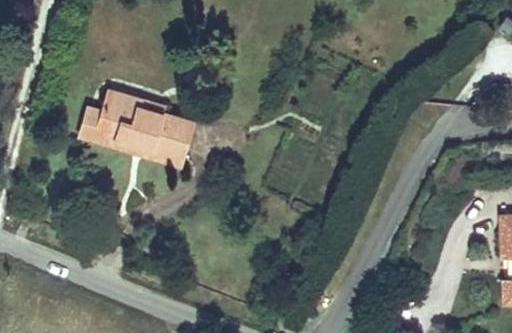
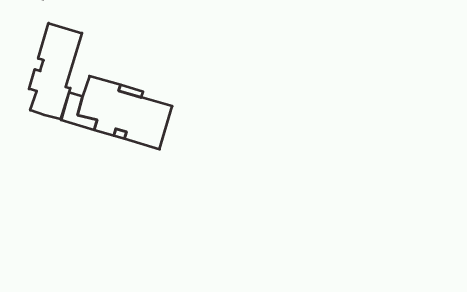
building: none -> [29,23,82,119]

